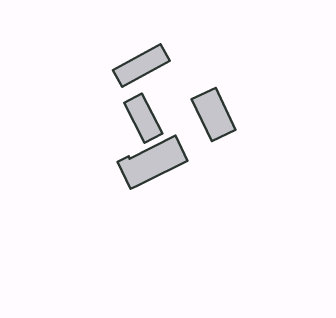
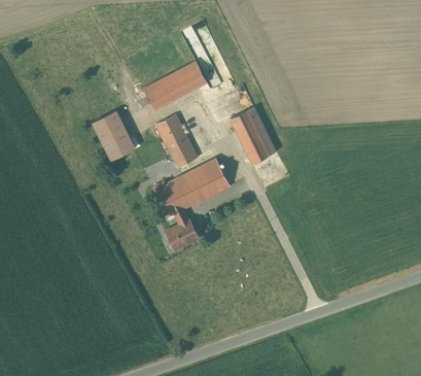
building: none -> [95,114,140,166]
building: none -> [165,213,196,252]

